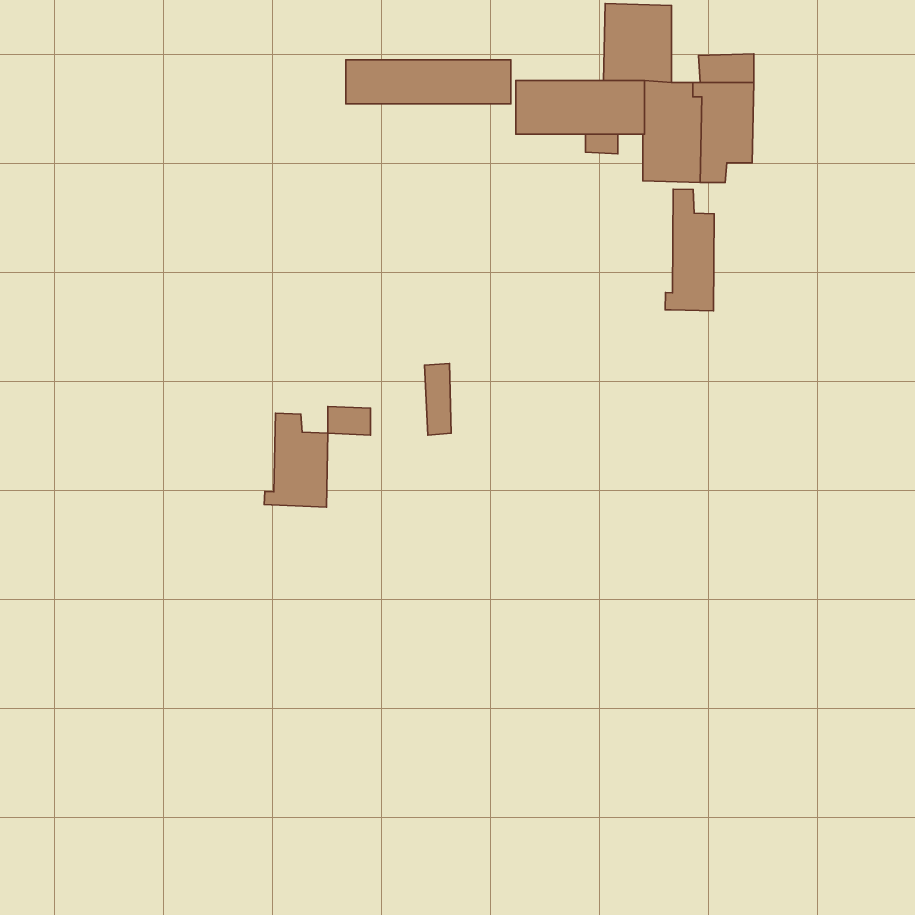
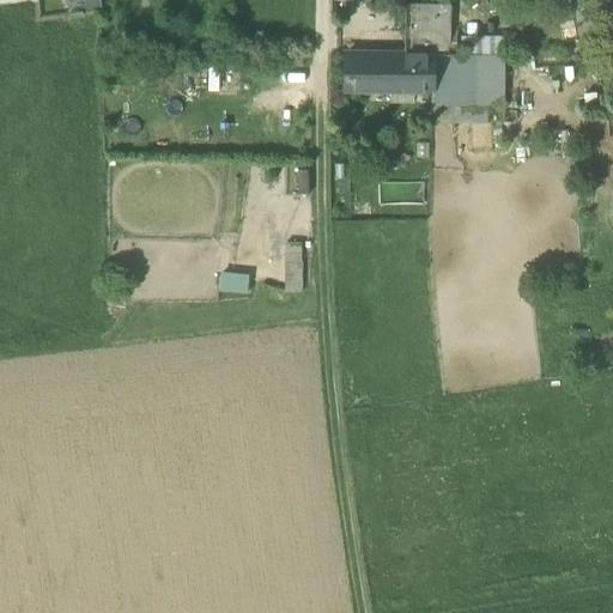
building: [346,60,511,104] -> none
building: [665,189,714,311] -> none
building: [264,413,328,507] -> none

